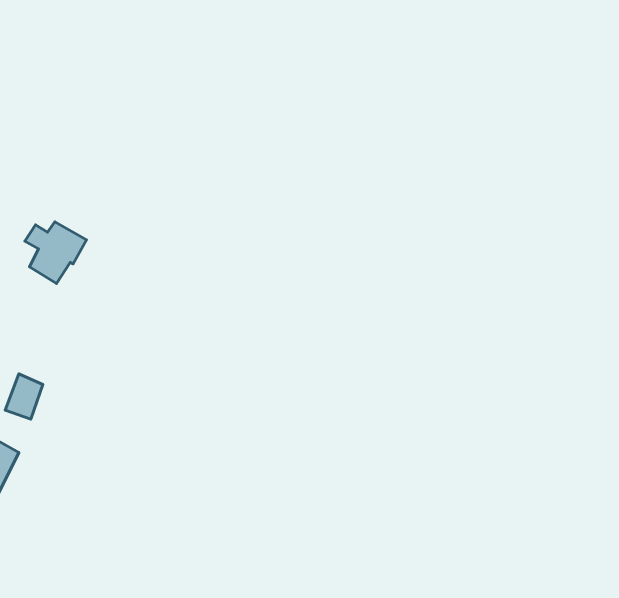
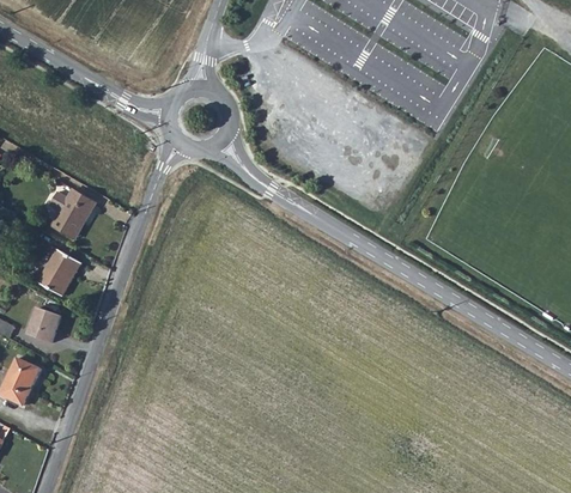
building: none -> [42,250,81,294]

